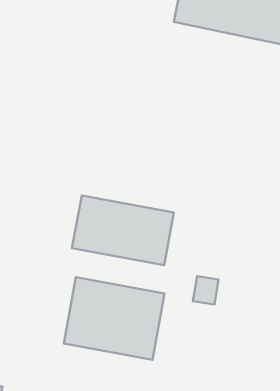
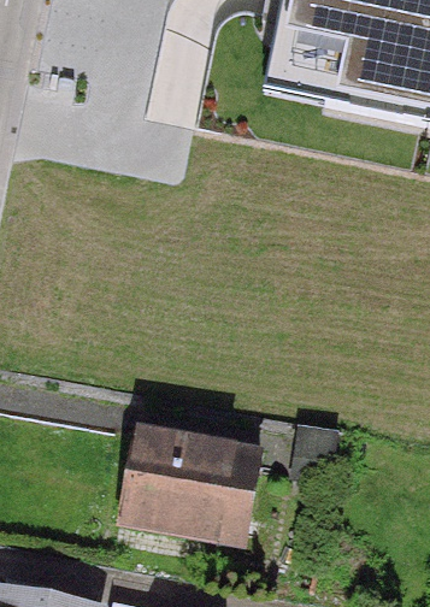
building: [72,195,174,265] -> none

